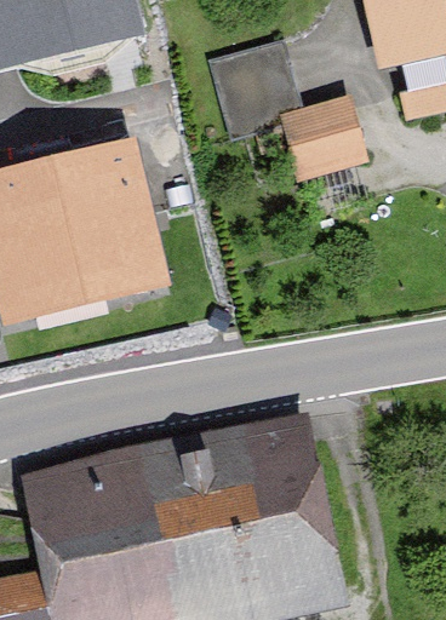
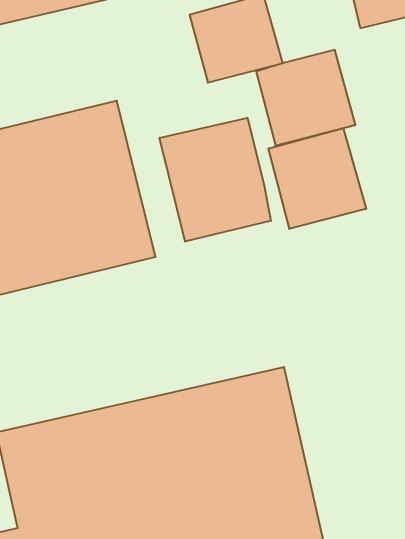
building: none -> [160,118,271,242]
building: none -> [268,128,366,229]

